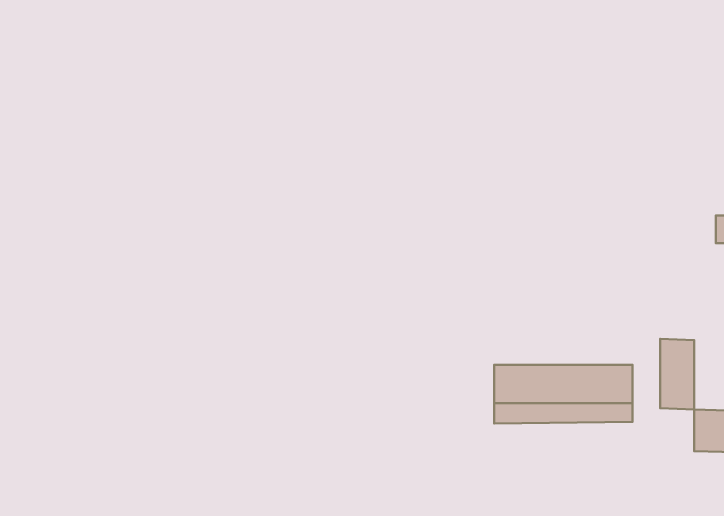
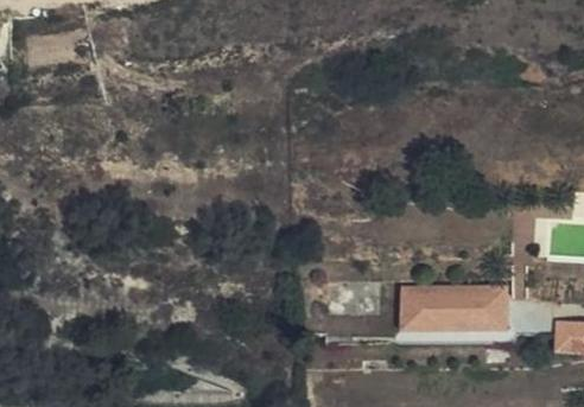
building: [660,339,694,409] -> none

